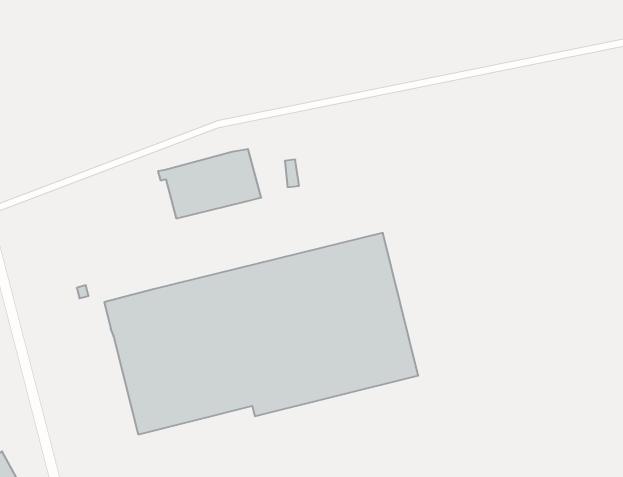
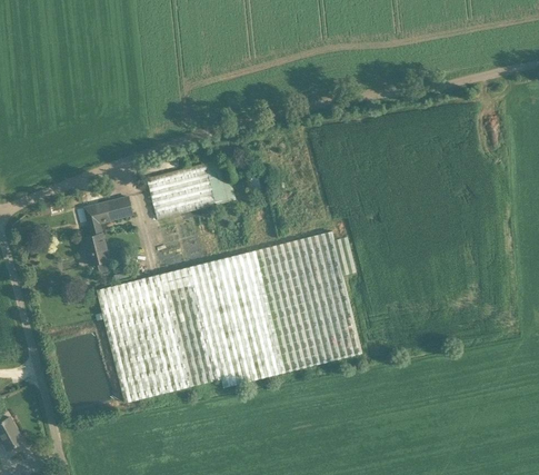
building: none -> [81,197,131,265]

